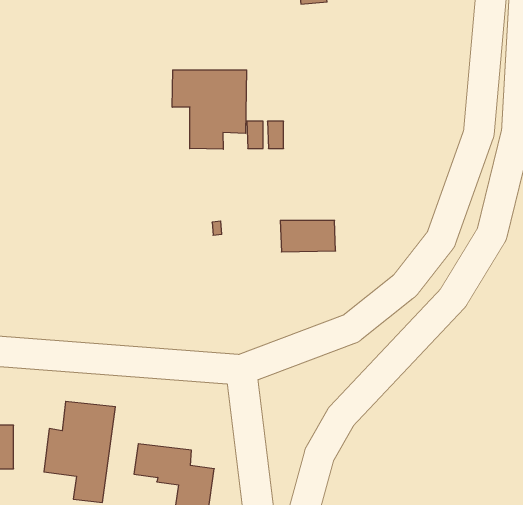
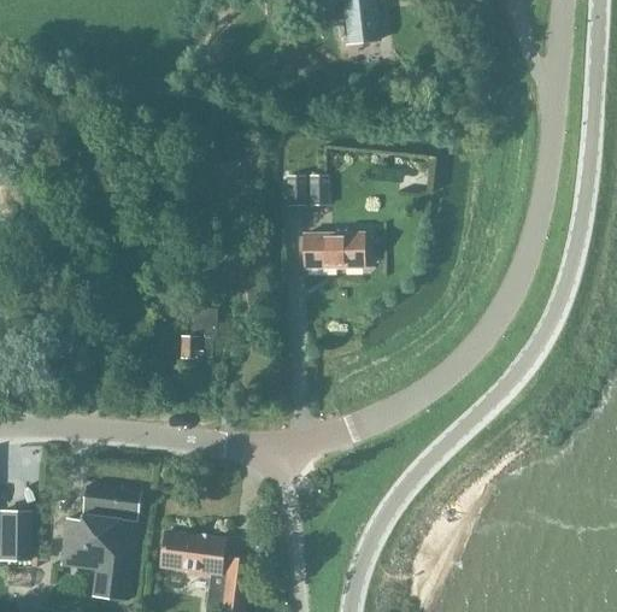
building: [172,70,247,149] -> none
building: [280,220,336,252] -> [304,234,365,269]
building: none -> [182,308,217,359]

